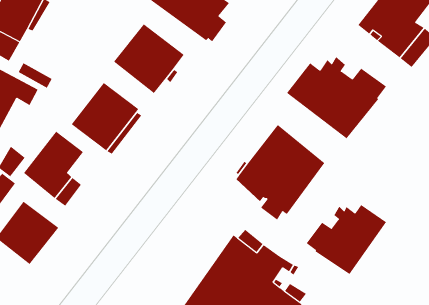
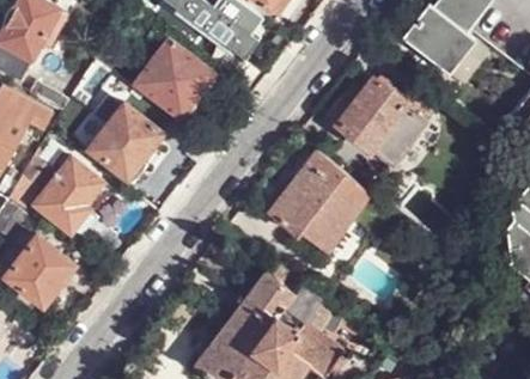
building: [306,204,387,275] -> none

